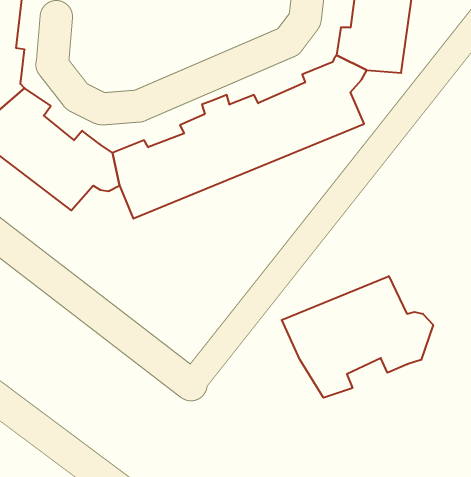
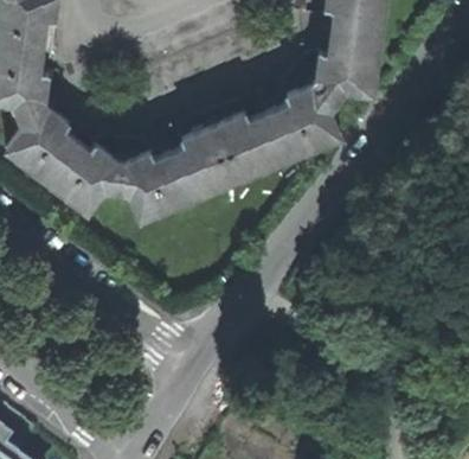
building: [282,276,433,398] -> none

